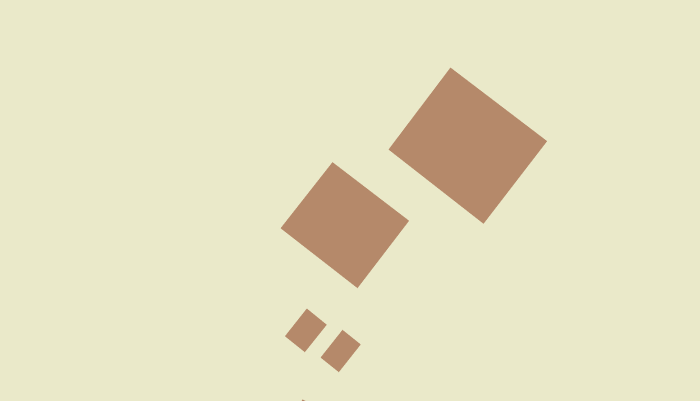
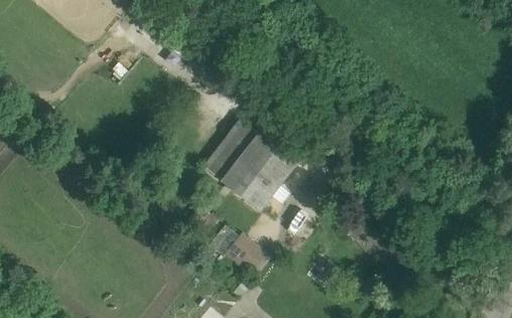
building: [388,67,548,225] -> none

